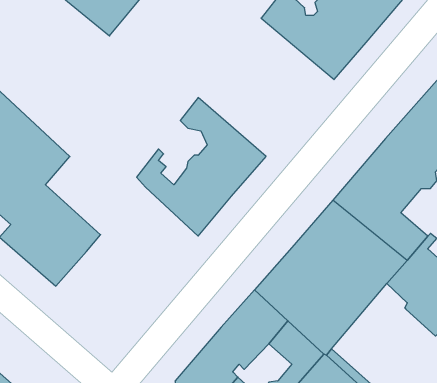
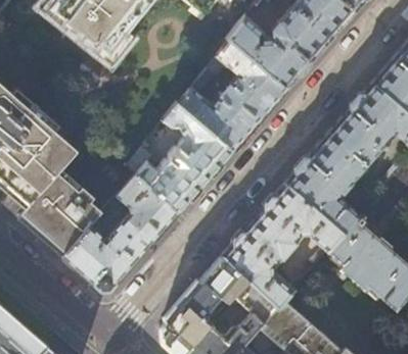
building: none -> [177,40,285,150]
building: none -> [60,174,177,292]

